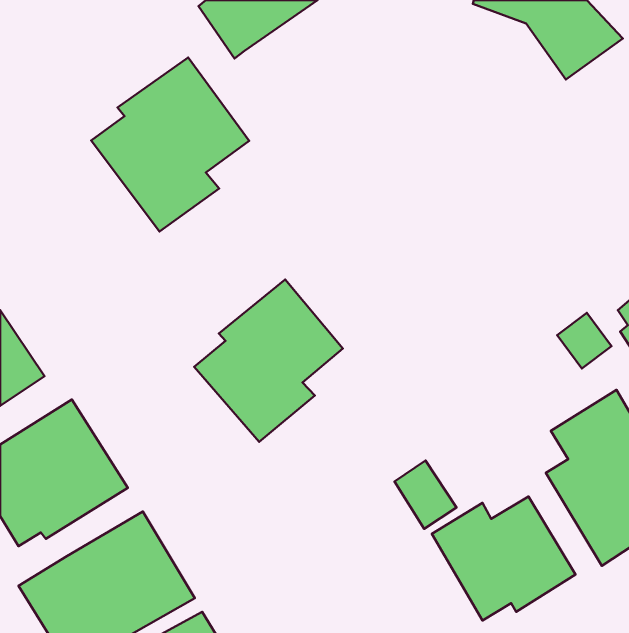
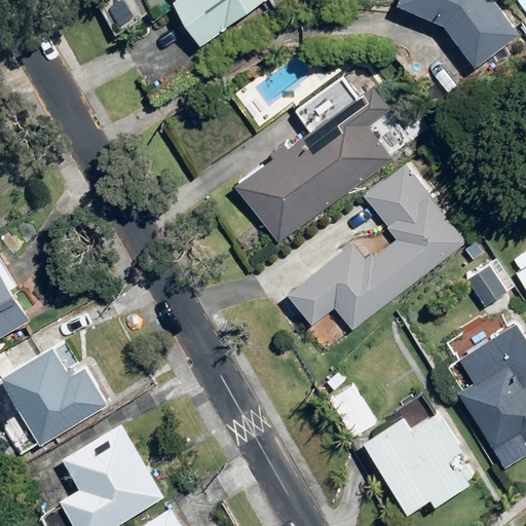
building: [91,57,249,232] -> none
building: none -> [234,76,393,241]
building: none -> [286,162,471,335]
building: [194,280,343,442] -> none

